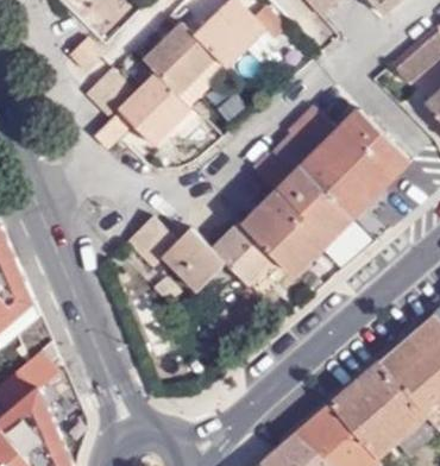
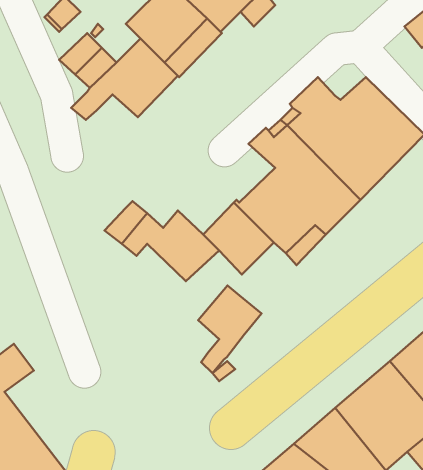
building: none -> [198,286,261,373]

